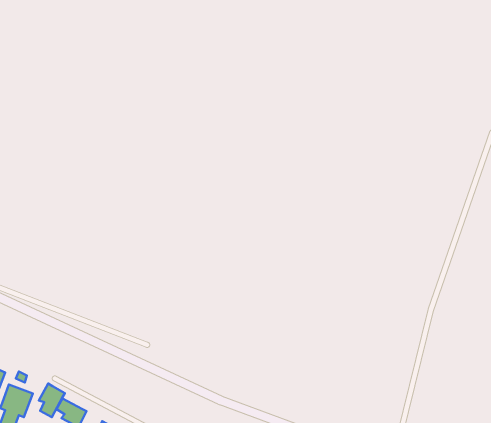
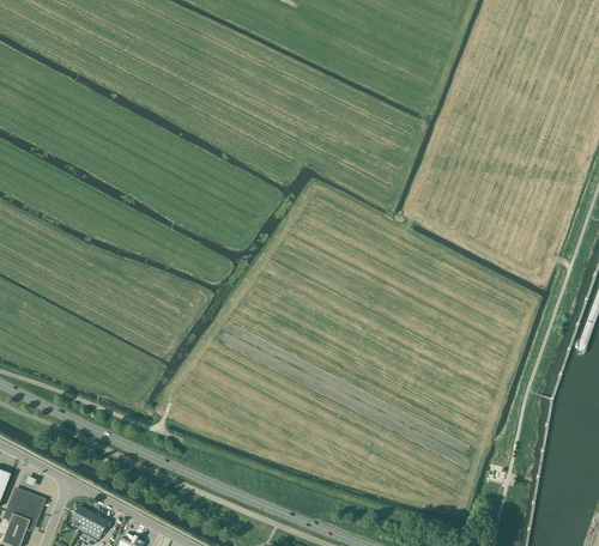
building: [39,384,65,417] -> none

